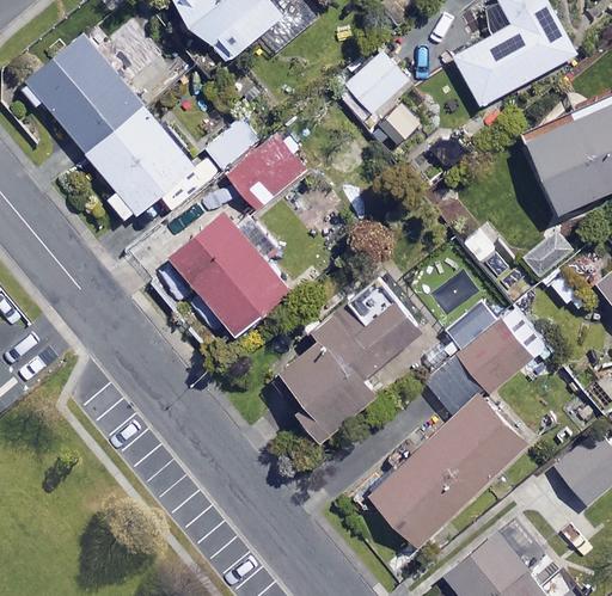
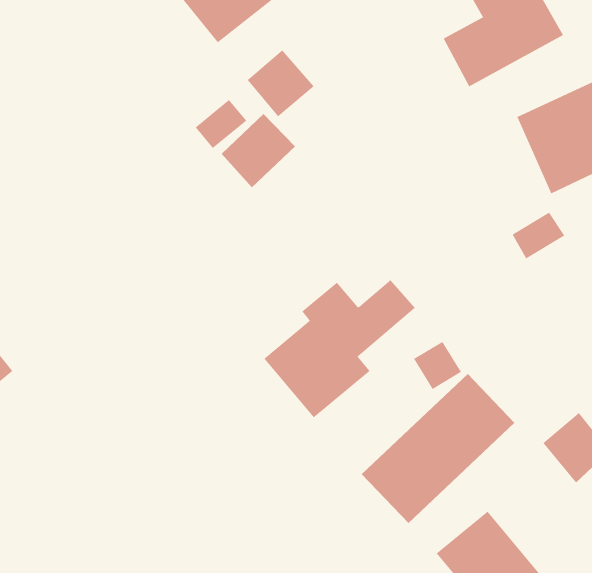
building: [26,33,194,223] -> none
building: [338,44,406,112] -> [247,49,315,117]
building: [171,214,289,337] -> none
building: [458,321,530,393] -> none

